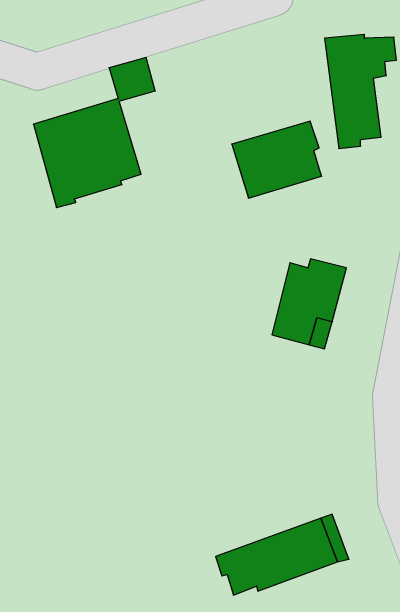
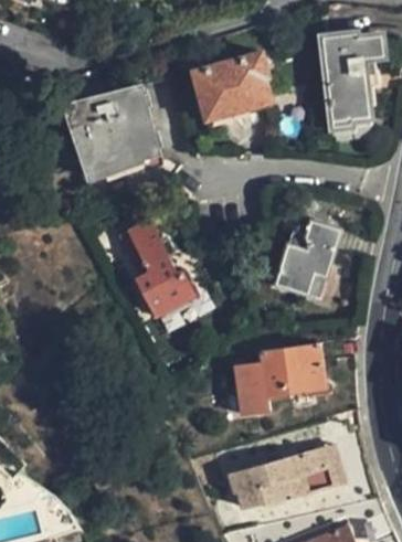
building: [232,121,322,198] -> [194,51,272,117]
building: none -> [118,224,192,320]
building: none -> [232,342,327,419]

